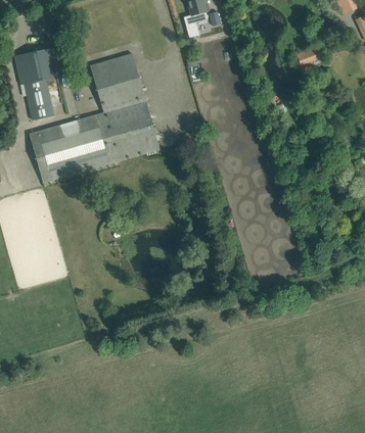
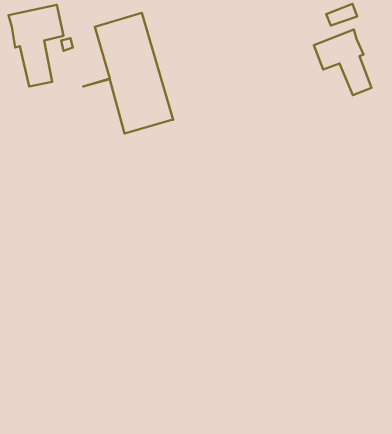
building: none -> [314,30,372,95]
building: [29,112,159,182] -> none

